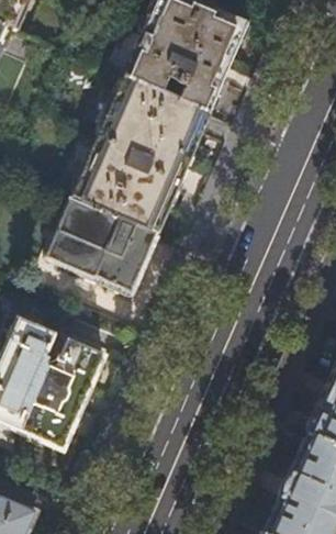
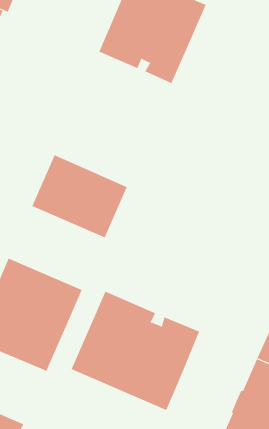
building: [71,78,209,235] -> none
building: none -> [71,291,200,411]

